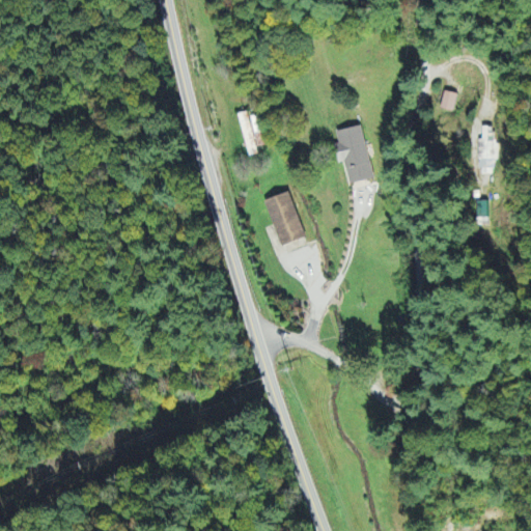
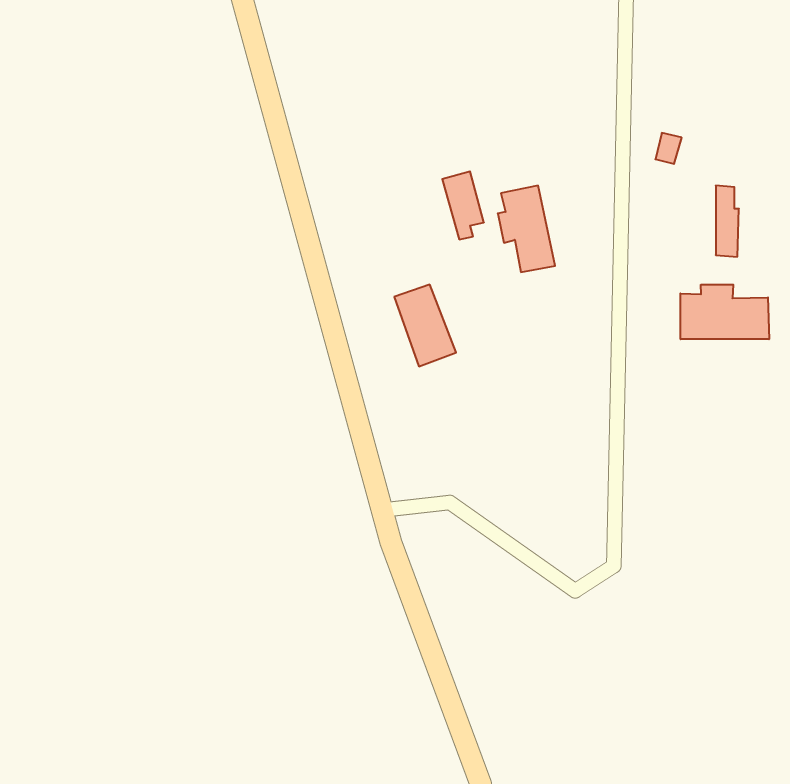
building: [237,110,266,156] -> [442,171,484,239]
building: none -> [680,285,769,339]

